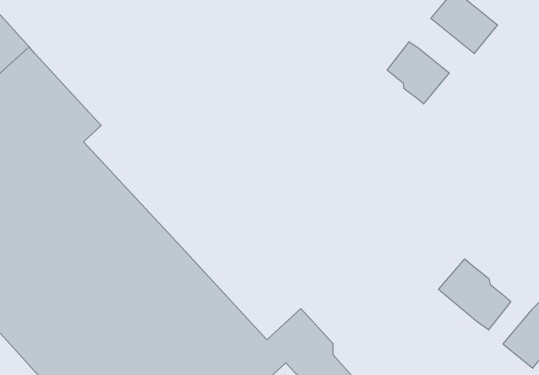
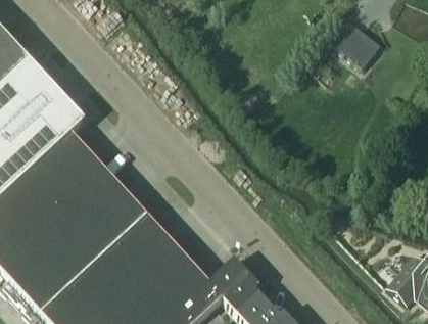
building: [387,42,449,104] -> none
building: [439,259,511,330] -> none

